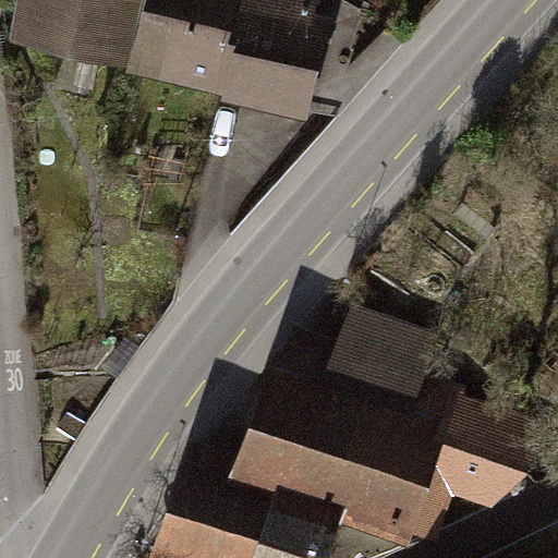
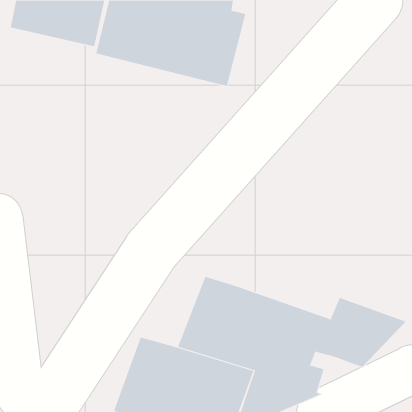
building: [314,308,461,432] -> none

